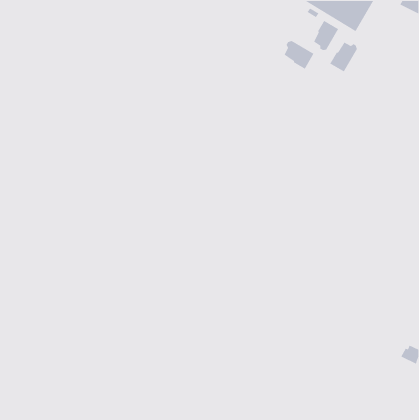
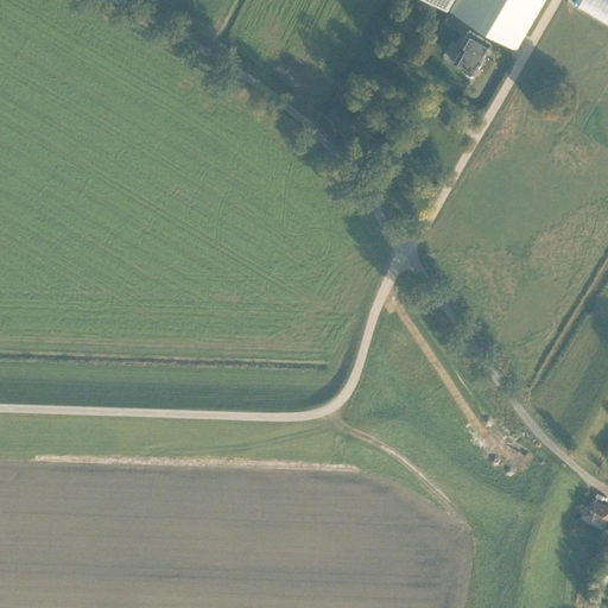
building: [283,40,315,70] -> none
building: [329,42,358,73] -> none

